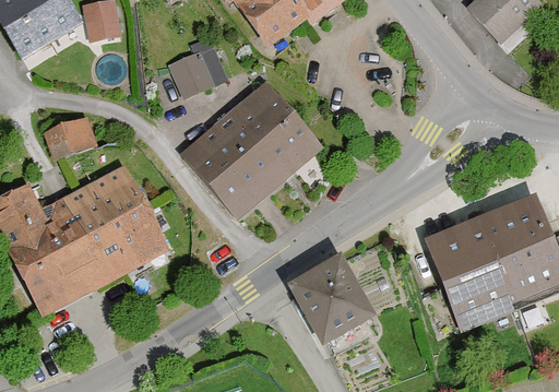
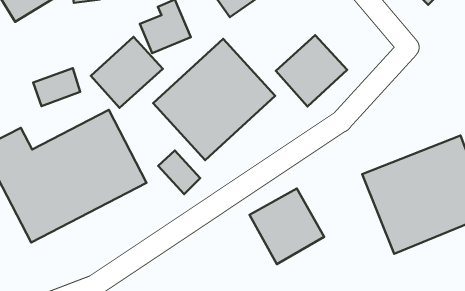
building: none -> [276,35,347,106]
building: none -> [91,37,163,108]
building: none -> [158,150,200,194]

